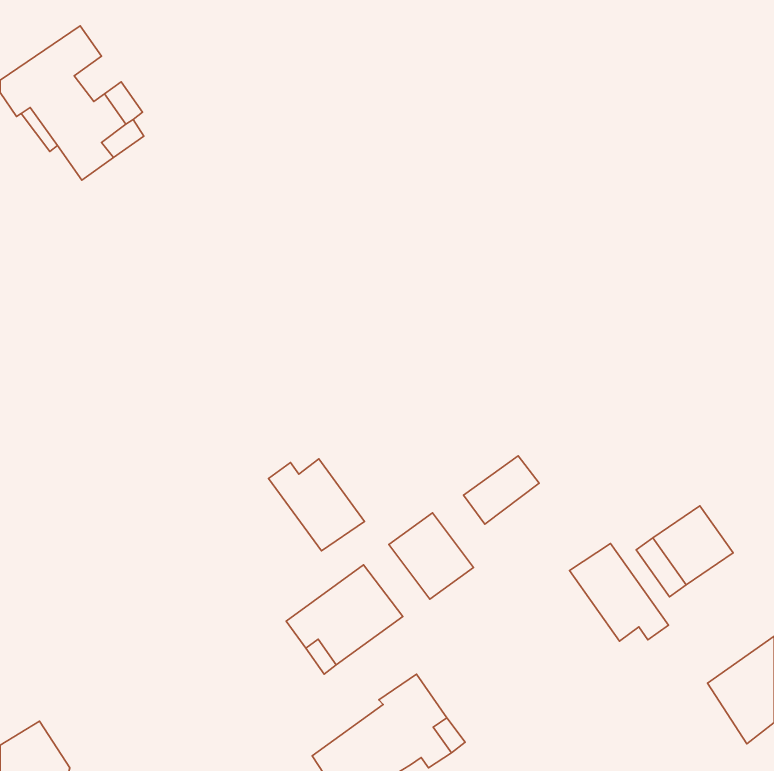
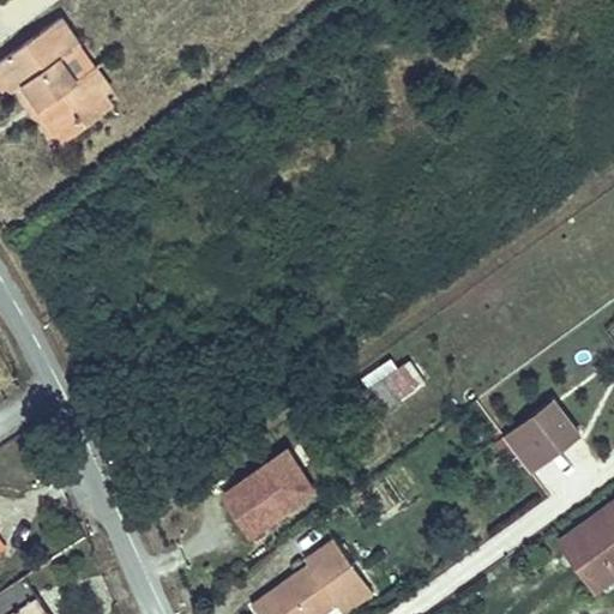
building: [269,459,364,551] -> none
building: [389,513,473,599] -> none
building: [570,544,668,641] -> none

